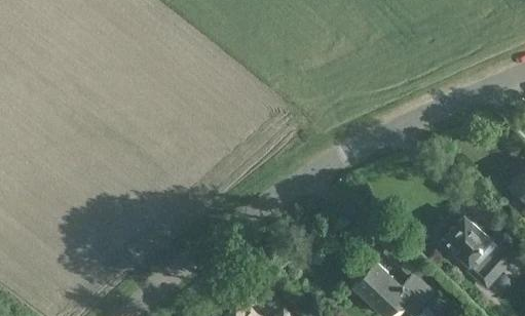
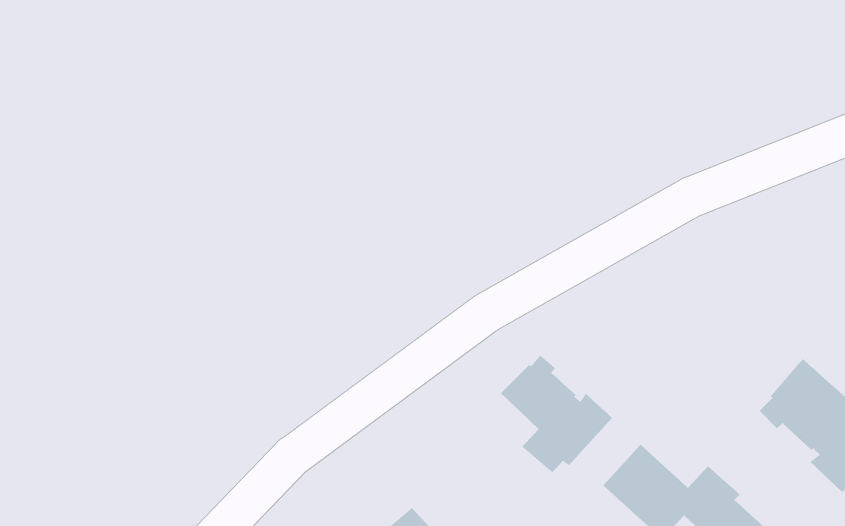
building: none -> [500,354,613,473]

